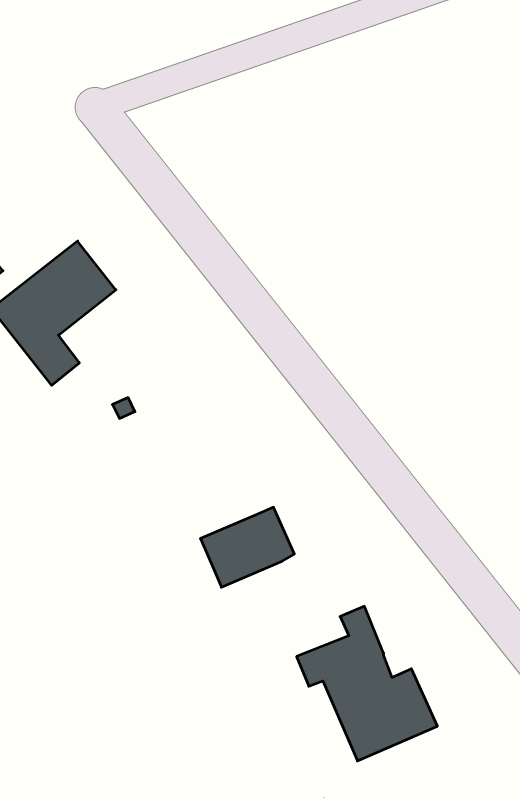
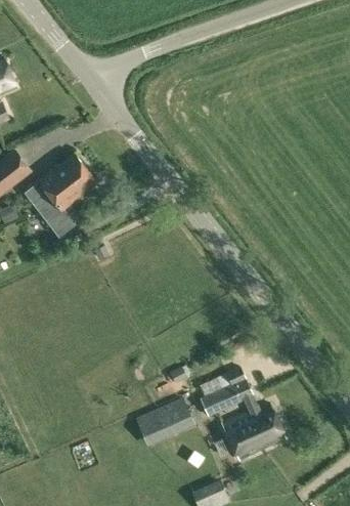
building: [200,507,294,587] -> [138,399,193,447]

